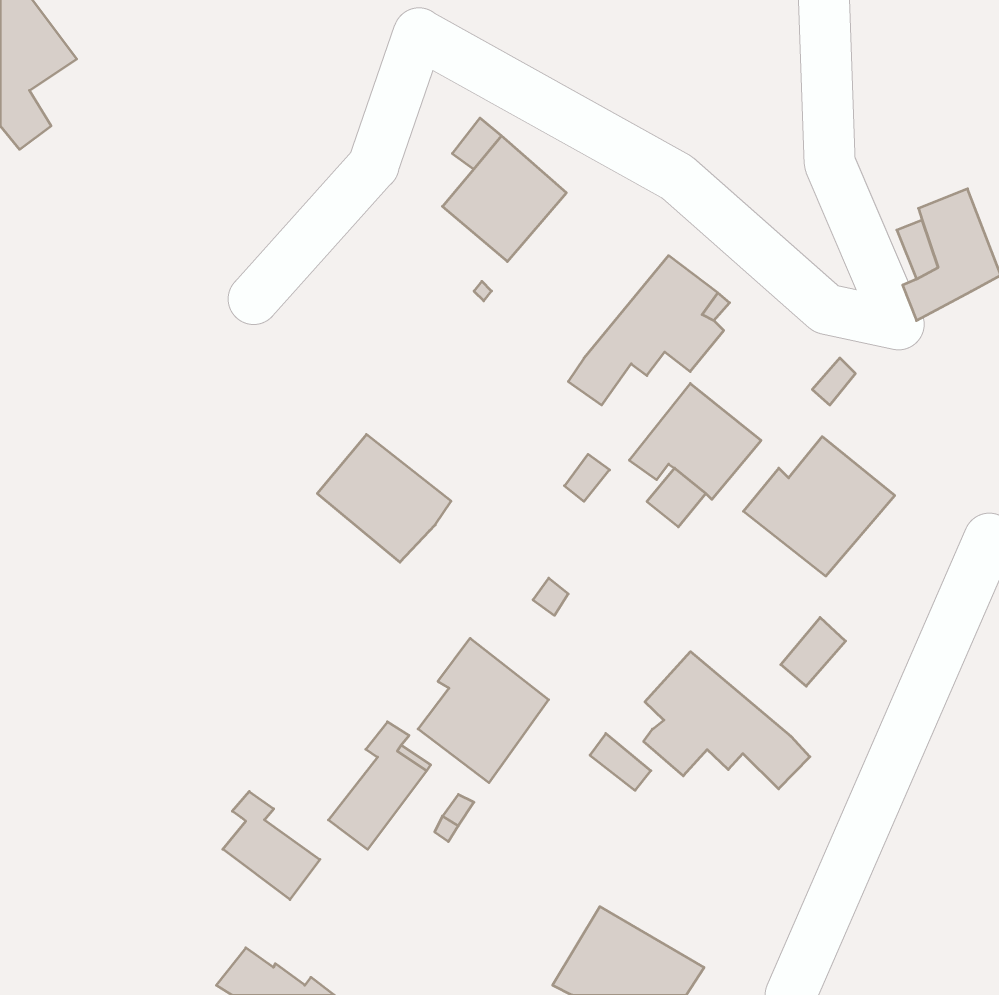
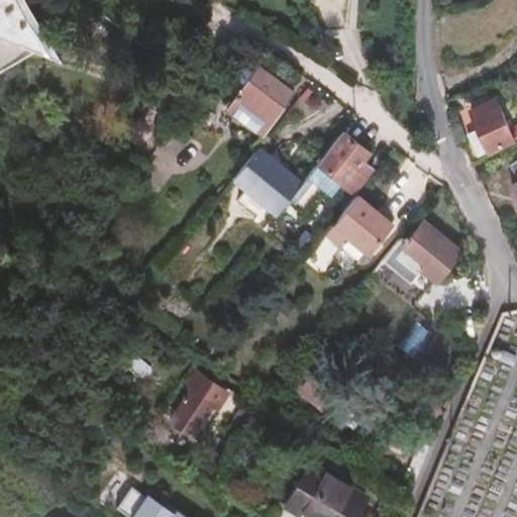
building: [317,434,451,562] -> [234,149,303,215]
building: [418,638,549,783] -> none
building: [644,652,810,789] -> none
building: [223,791,320,900] -> none

